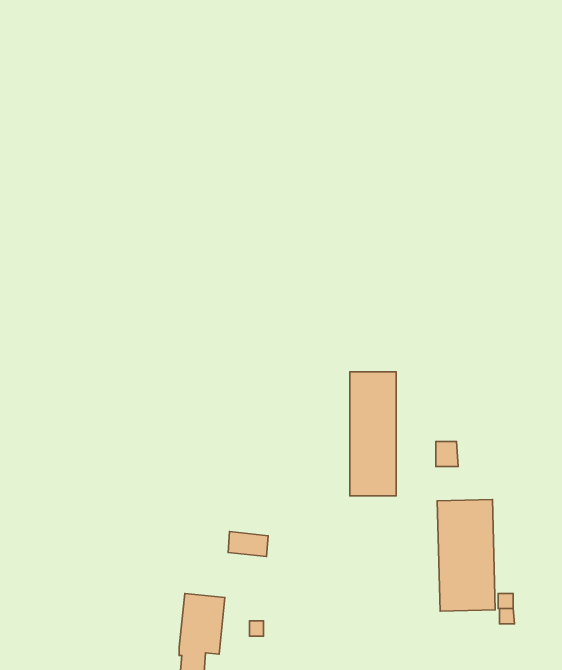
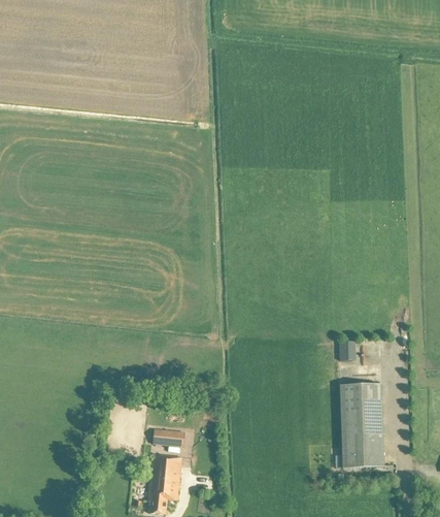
building: [350,372,396,496] -> none
building: [228,532,268,556] -> [154,429,183,448]

